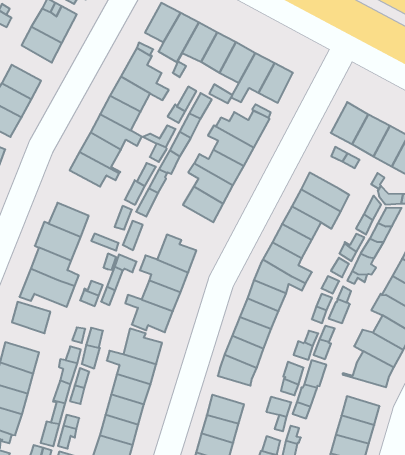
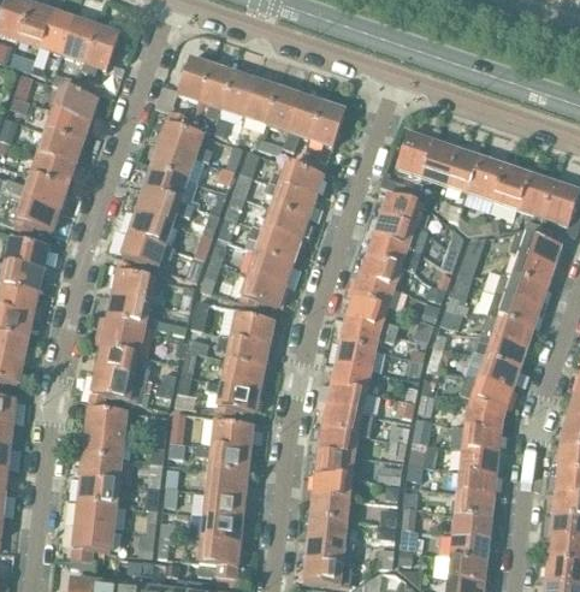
building: none -> [39,129,82,164]
building: none -> [380,193,422,226]
building: none -> [113,261,154,301]
building: none -> [241,272,285,307]
building: none -> [82,430,123,457]
building: none -> [450,426,502,454]
building: none -> [315,450,355,476]

